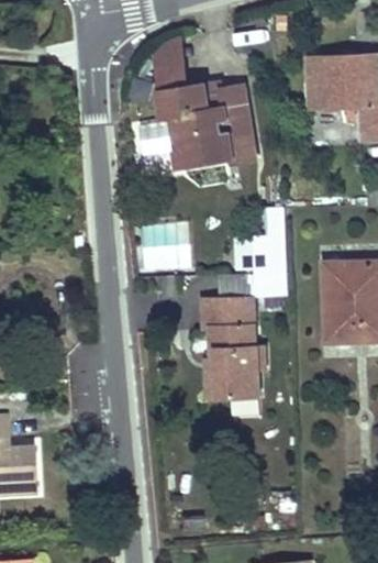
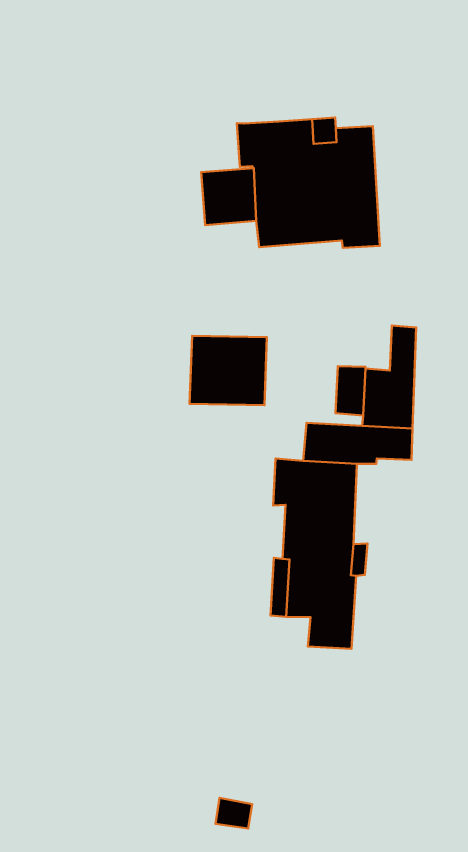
building: [158,38,185,90] -> none

